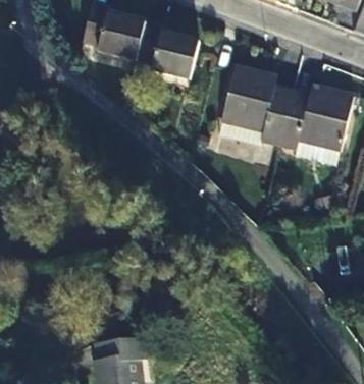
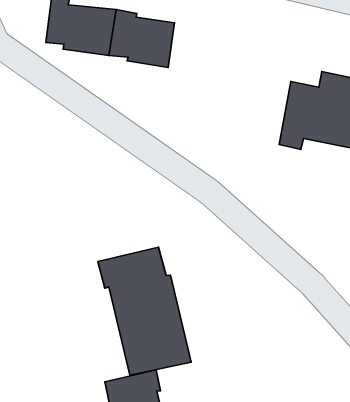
building: [217,68,288,150] -> none
building: none -> [98,247,191,375]

